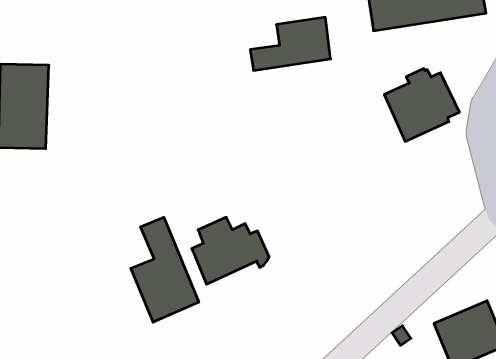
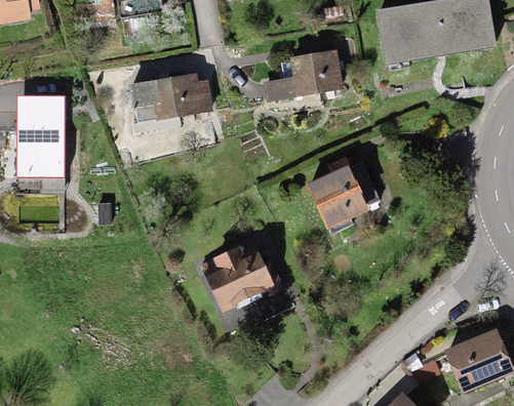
building: none -> [129,72,212,121]
building: [384,69,459,141] -> [306,157,380,229]
building: [131,217,199,322] -> none

